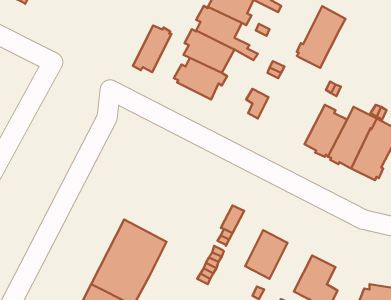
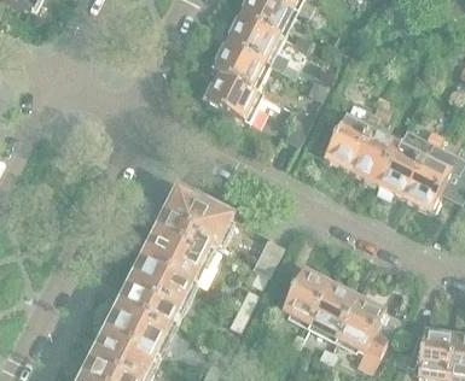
building: [297,6,346,68] -> [324,100,379,170]
building: [133,25,171,72] -> none
building: none -> [145,188,233,281]
building: none -> [310,282,359,338]

